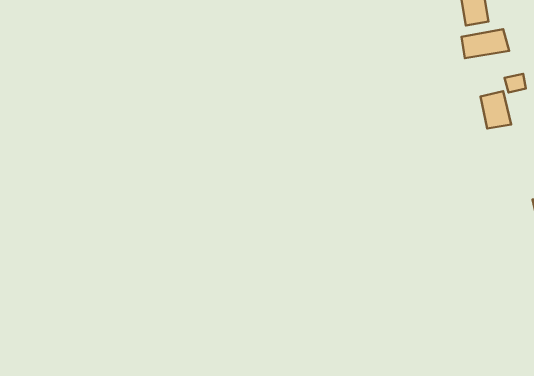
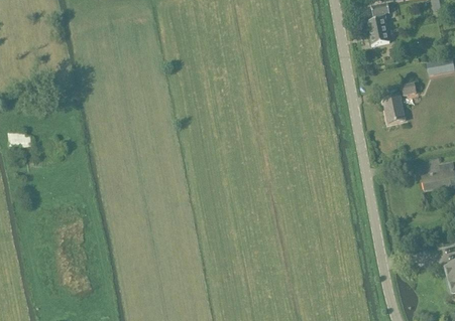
building: [461,29,509,58] -> none

